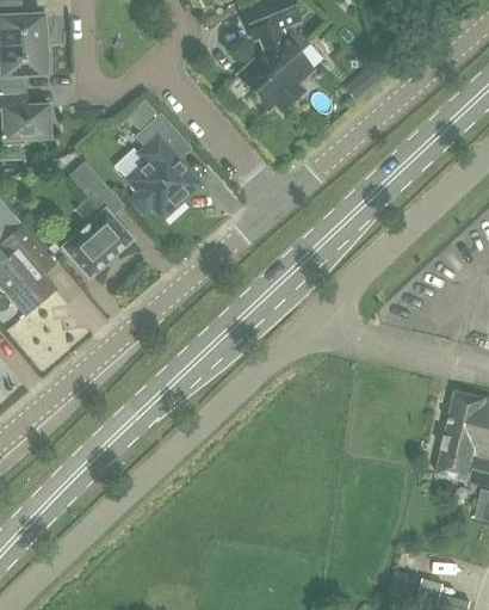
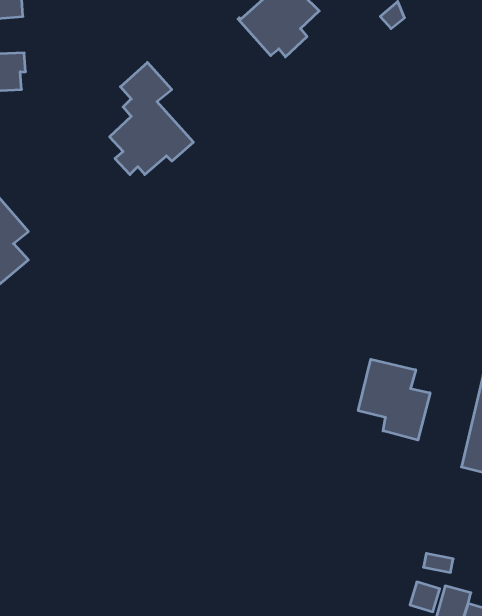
building: [70,161,111,204] -> none
building: [62,209,132,277] -> none
building: none -> [358,359,430,440]

